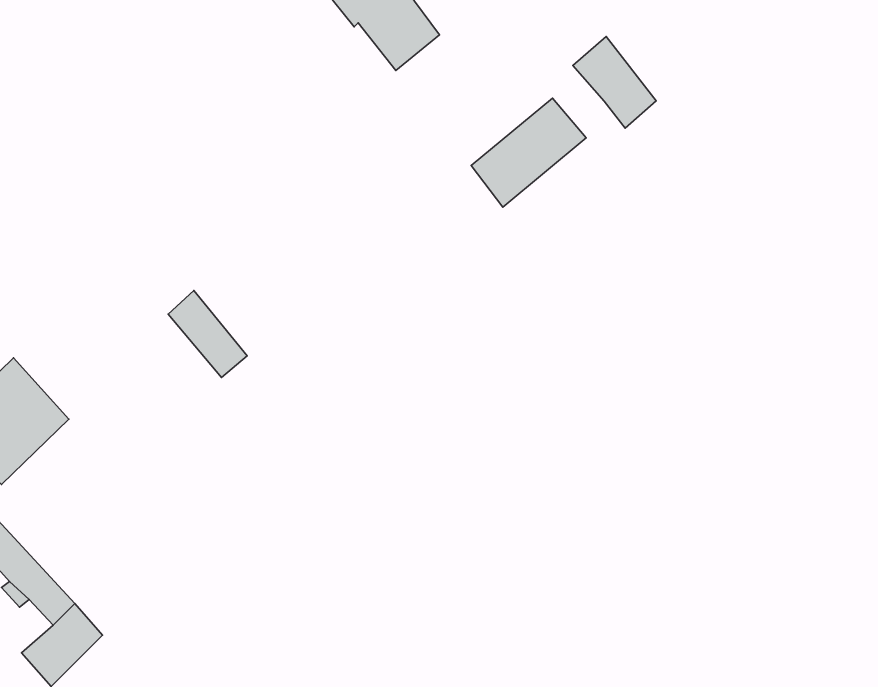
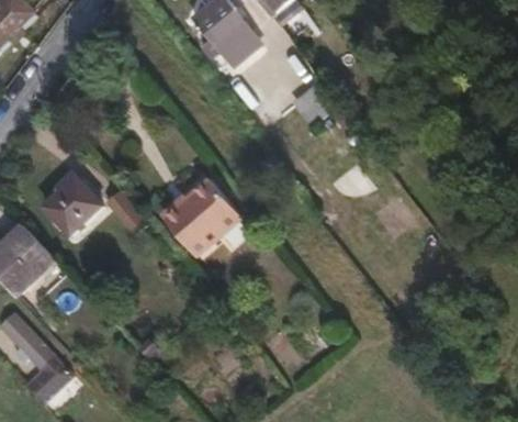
building: [573,36,656,128] -> none
building: none -> [42,176,100,235]
building: none -> [167,180,245,257]

